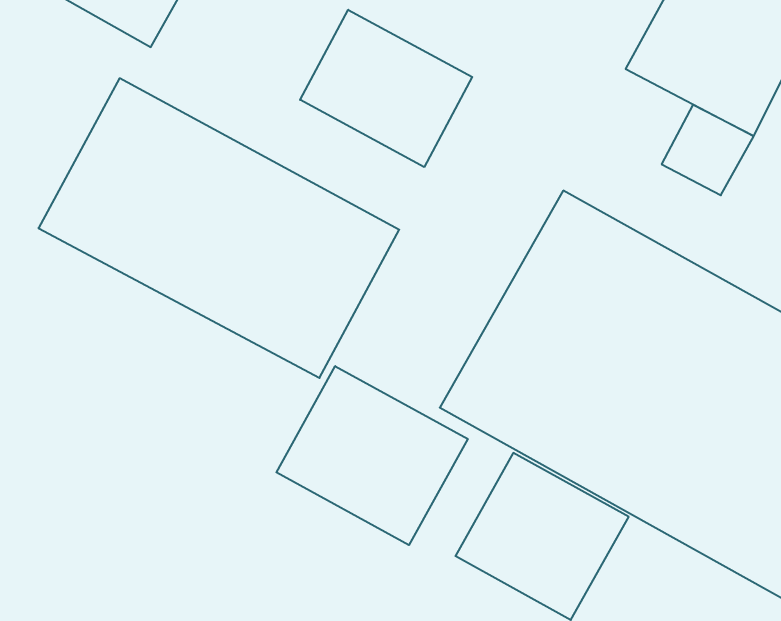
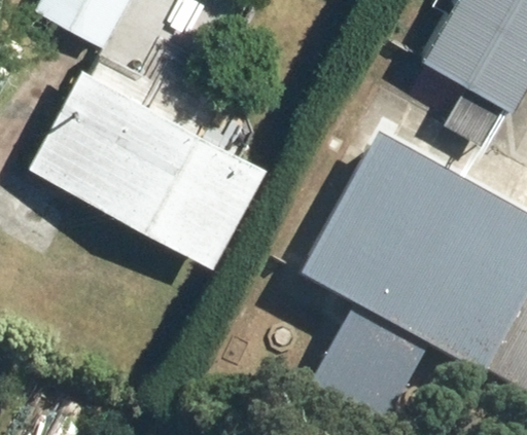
building: [300,10,472,167] -> none
building: [276,366,468,545] -> none

